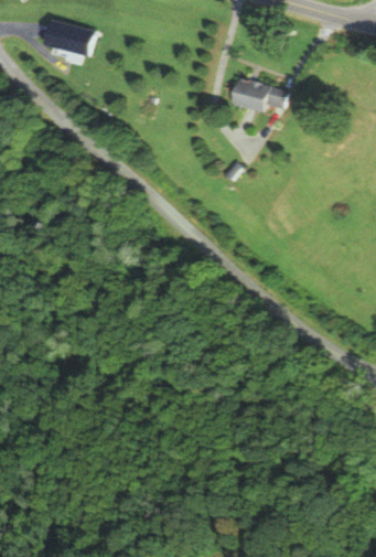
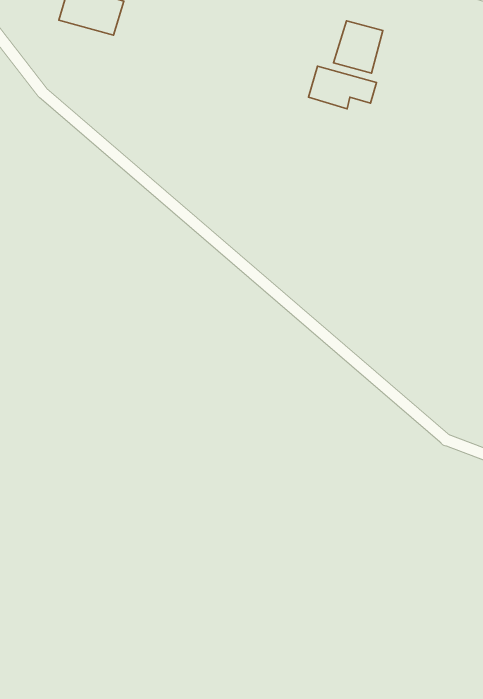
building: none -> [334,21,383,73]

